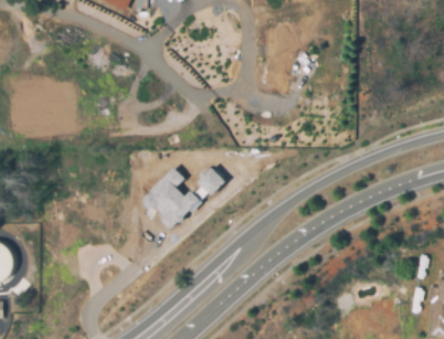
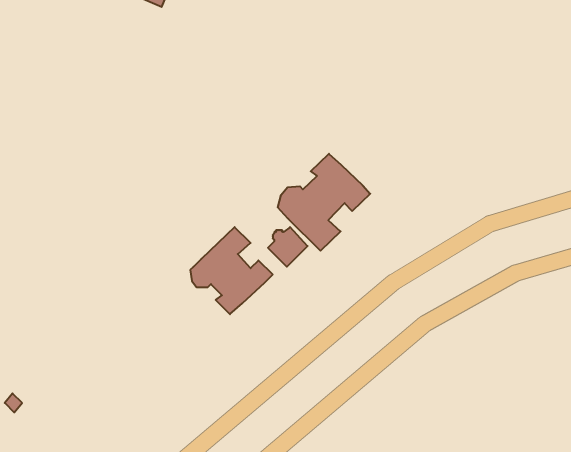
building: none -> [278,154,370,251]

